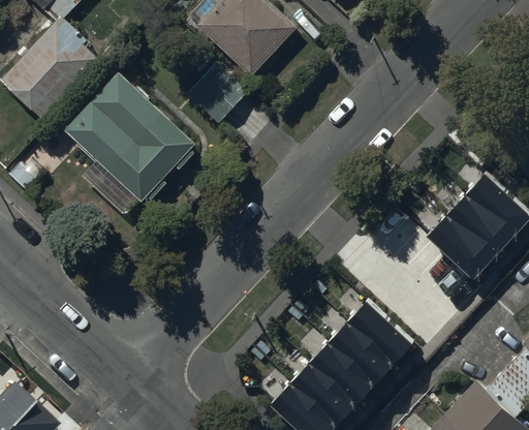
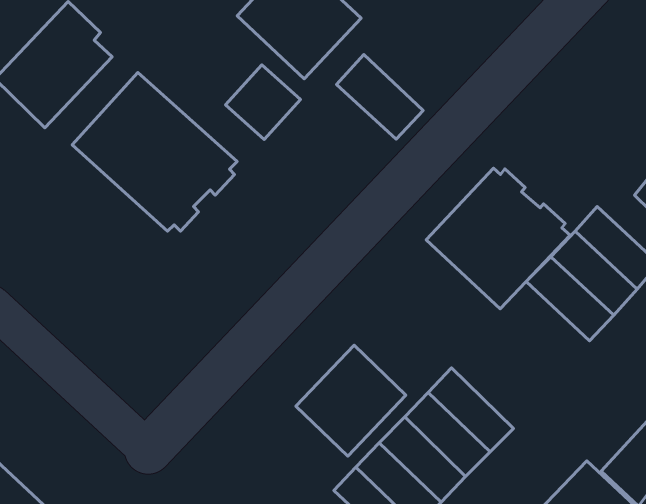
building: none -> [337,54,423,139]
building: none -> [426,168,570,309]
building: none -> [296,345,406,456]

